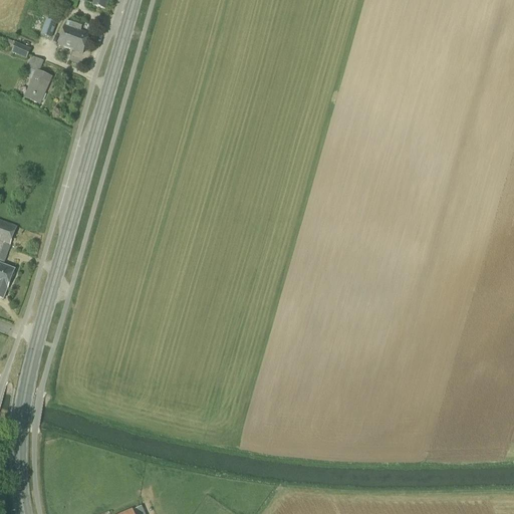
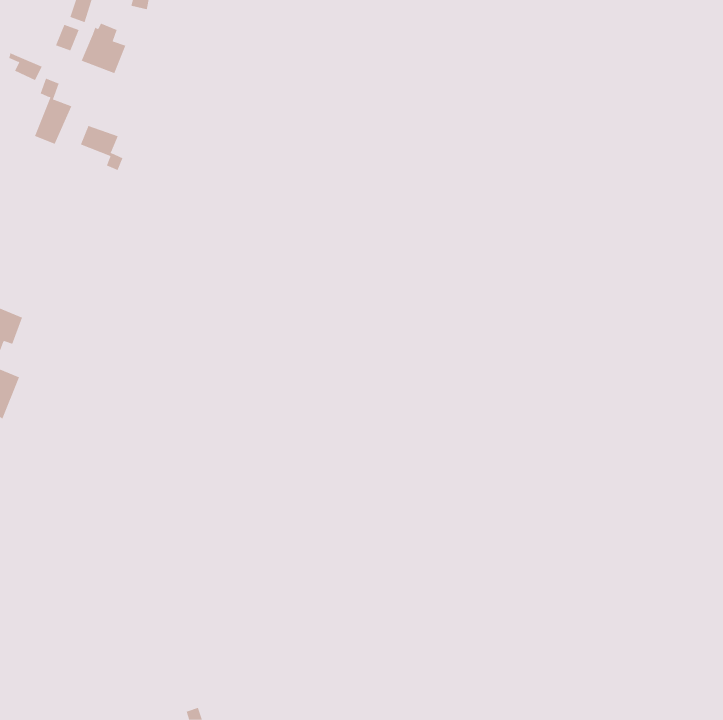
building: none -> [80,125,123,171]

